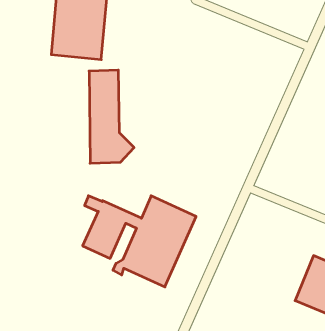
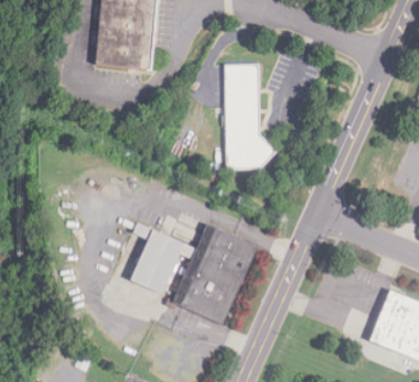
building: [89,70,134,163] -> [225,66,276,171]

